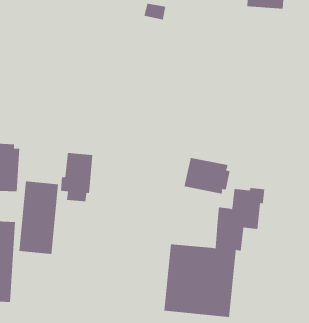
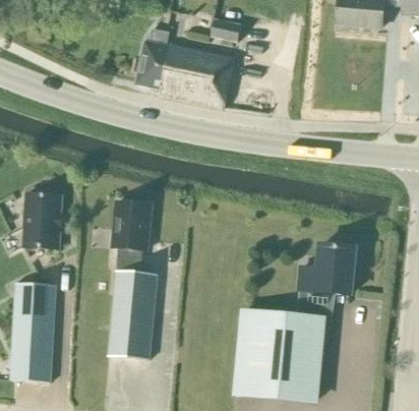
building: none -> [135,28,234,108]
building: [184,157,230,195] -> none
building: [18,181,59,255] -> [108,271,157,360]

